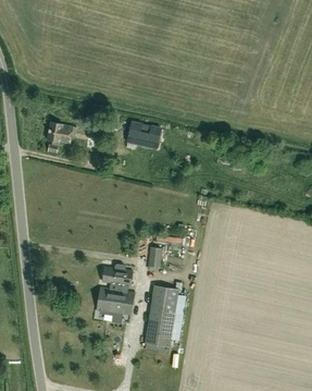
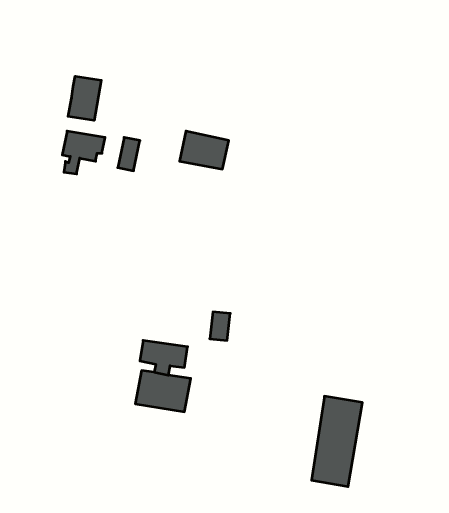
building: none -> [68,76,101,120]
building: [145,285,179,347] -> [312,396,362,487]

